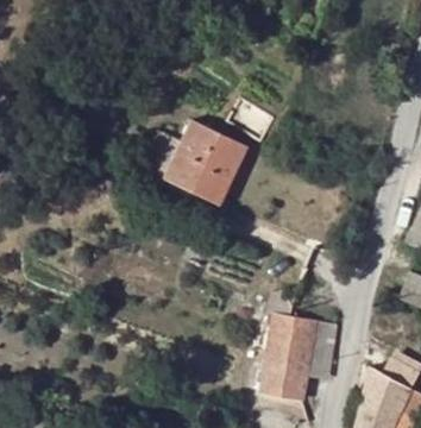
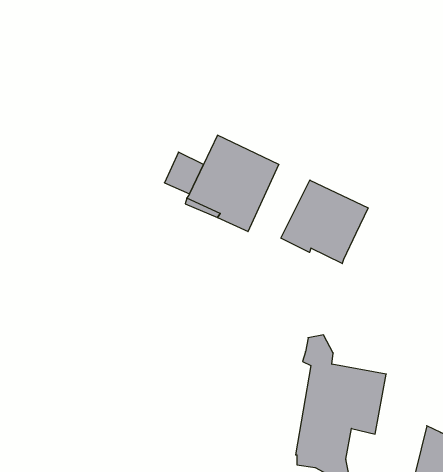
building: none -> [281,180,368,264]

